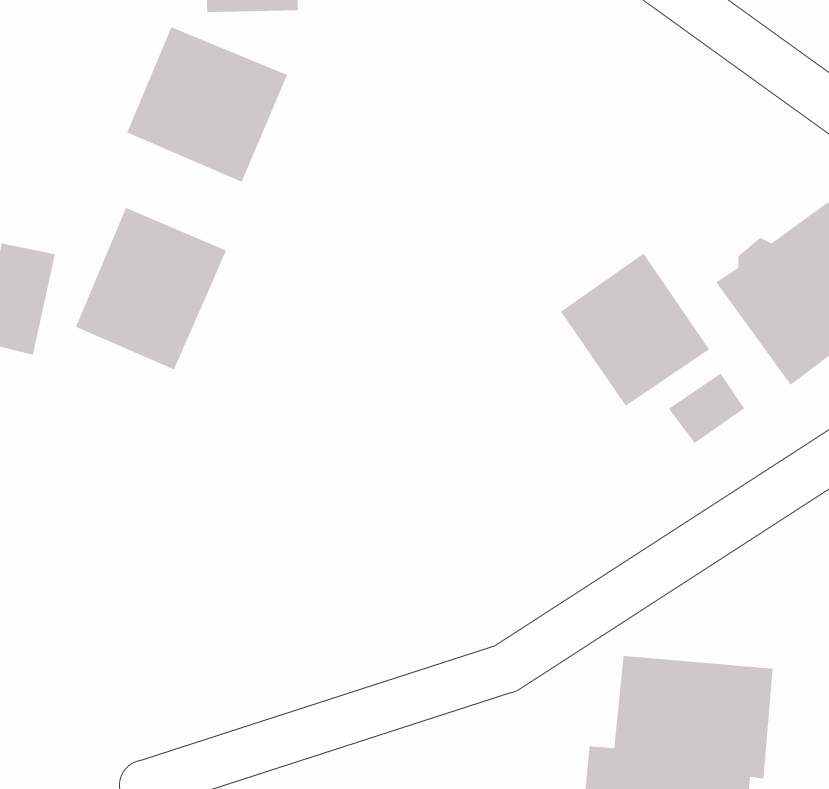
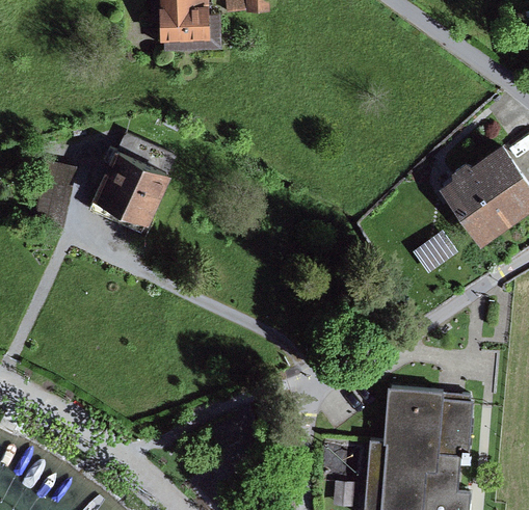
building: [126,26,288,183] -> none
building: [560,253,710,407] -> none

